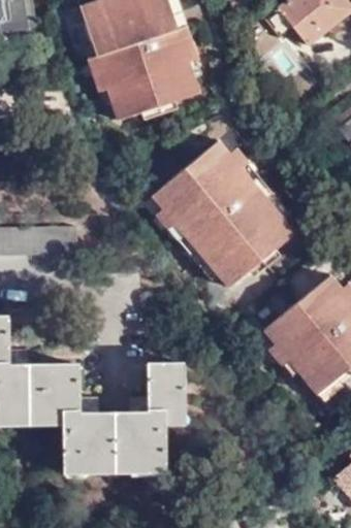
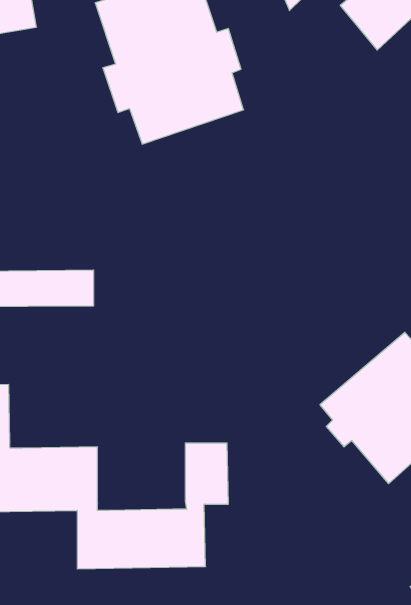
building: [151,140,296,288] -> none

